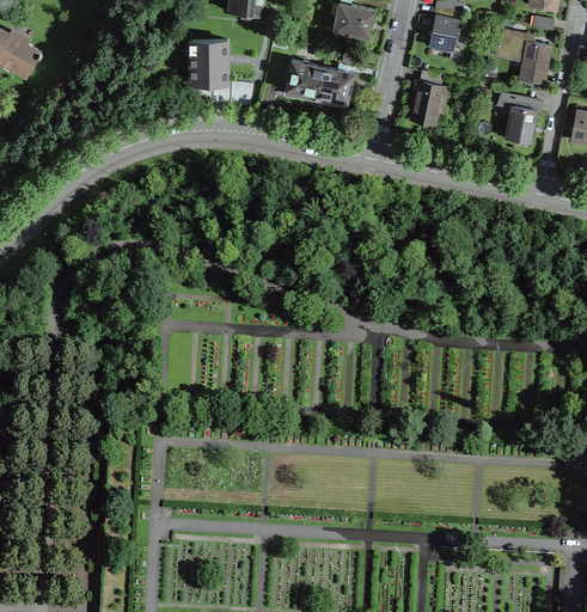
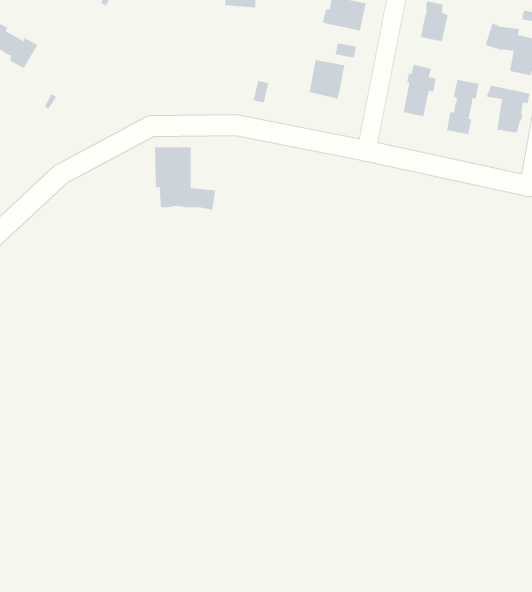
building: [190,41,253,105] -> [154,147,216,210]
building: [286,61,323,100] -> none
building: none -> [446,79,479,135]

